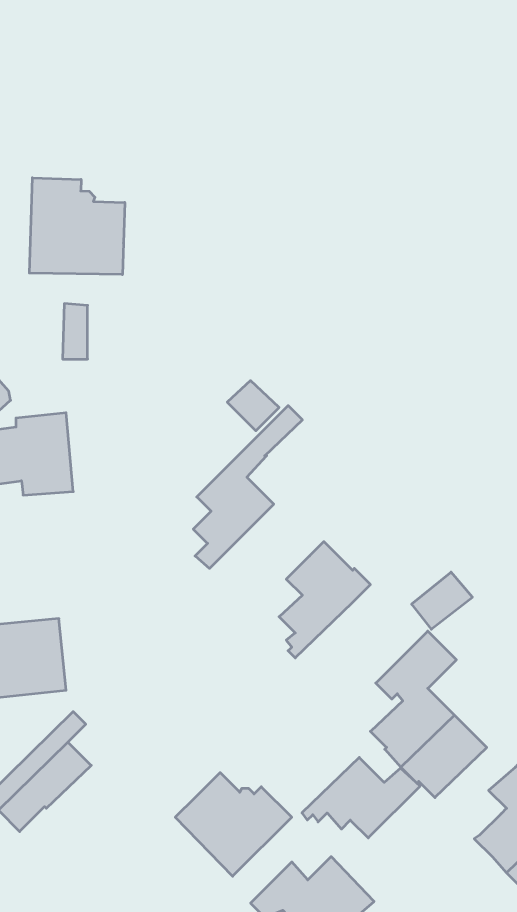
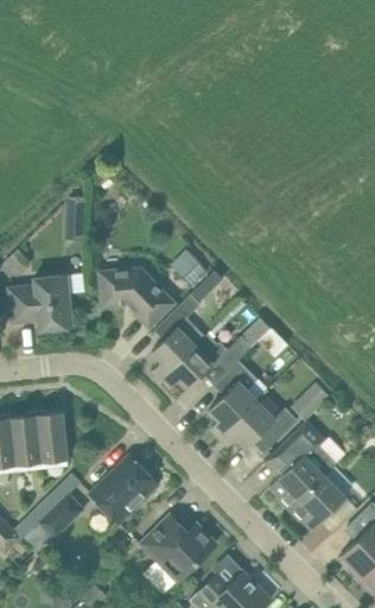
building: [29,178,125,275] -> none
building: none -> [96,266,176,329]
building: none -> [161,335,250,390]
building: none -> [88,455,158,525]
building: [302,757,420,838] -> [218,401,297,455]

